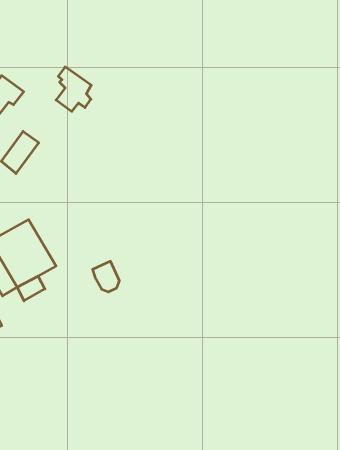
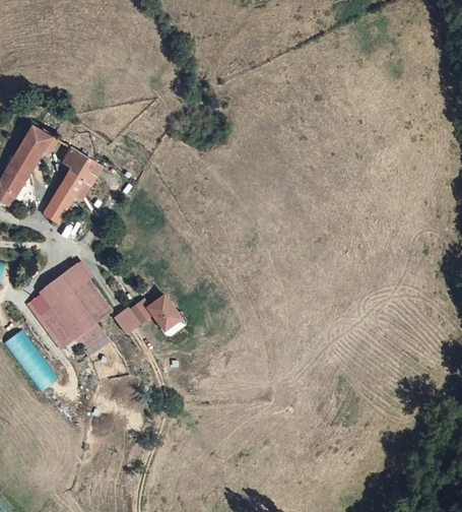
building: [56,67,91,111] -> [62,142,97,187]
building: none -> [112,303,149,332]

